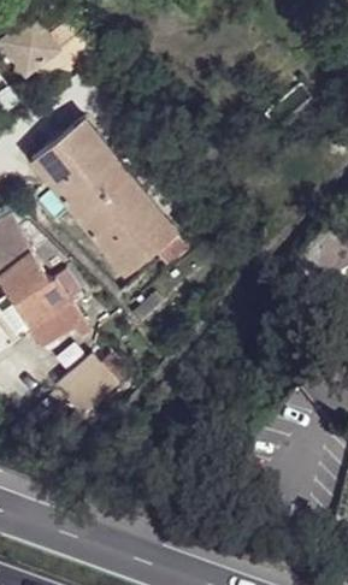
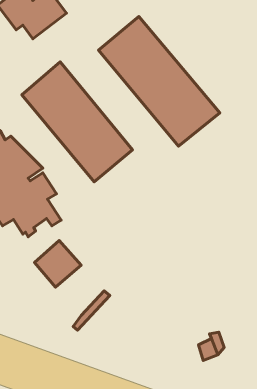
building: none -> [98,17,220,146]

